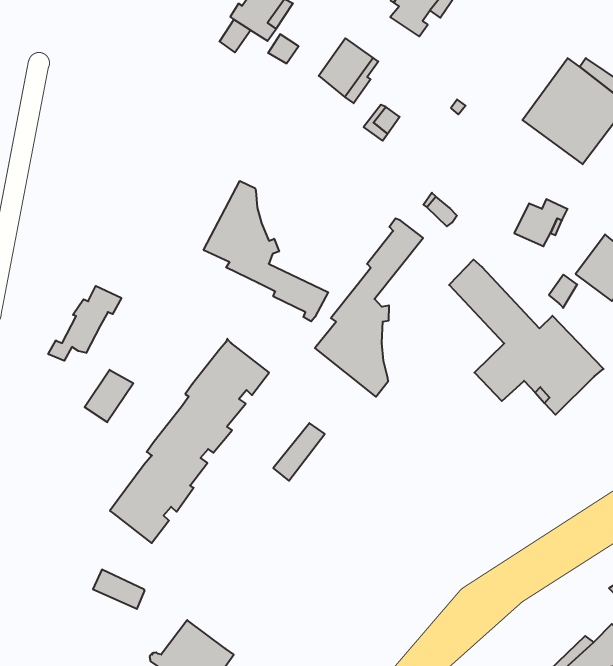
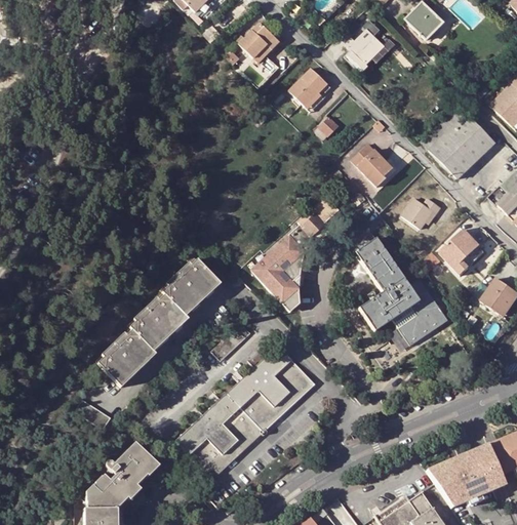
building: none -> [351,143,392,187]
building: [204,181,328,321] -> none
building: [48,286,121,361] -> none
building: [85,370,133,422] -> none
building: none -> [175,341,315,479]

